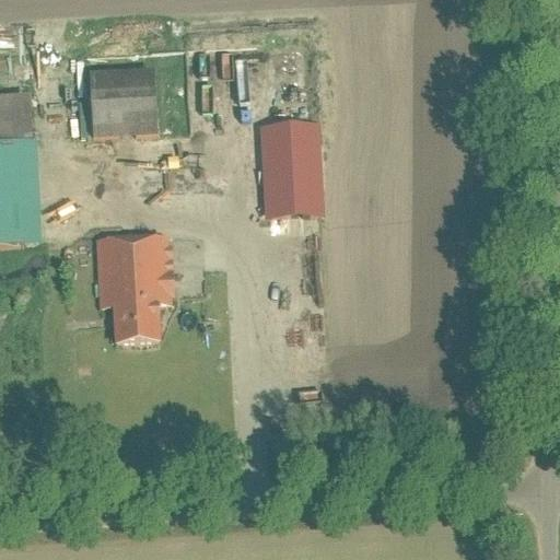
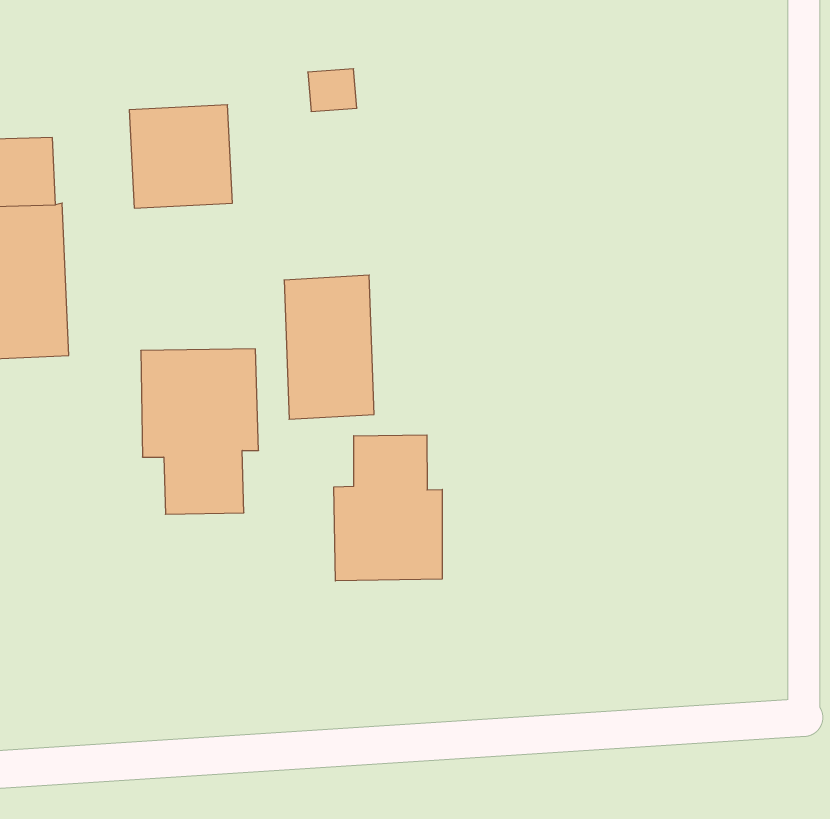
building: [260,121,320,218] -> [284,275,374,419]
building: none -> [334,435,442,581]

